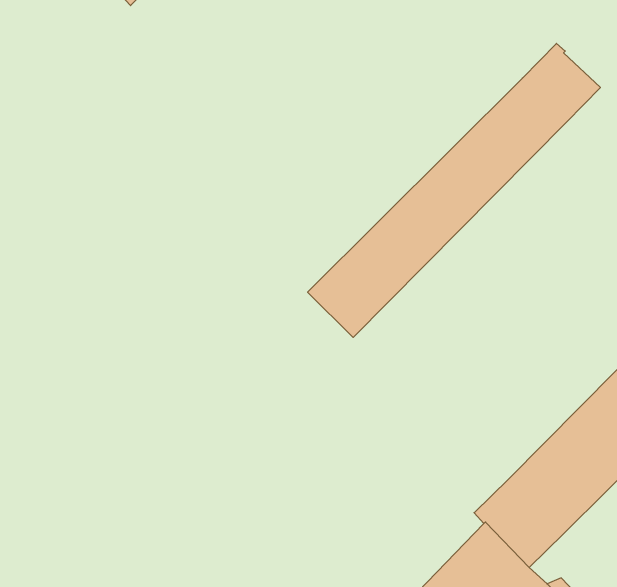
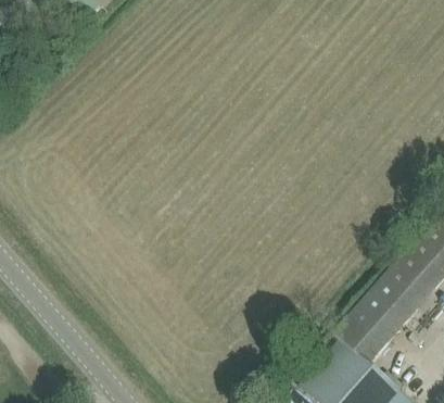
building: [308,43,600,337] -> none

